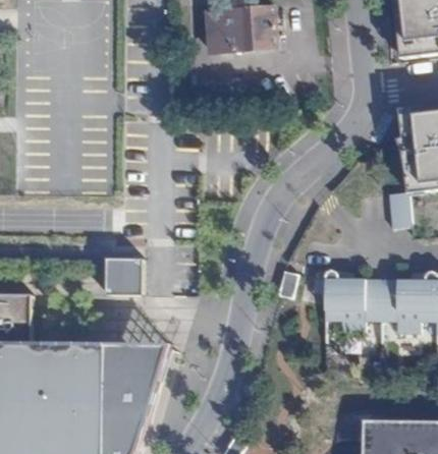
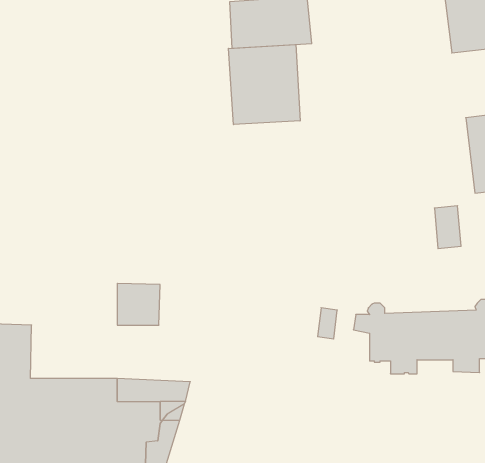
building: none -> [228,45,300,125]

